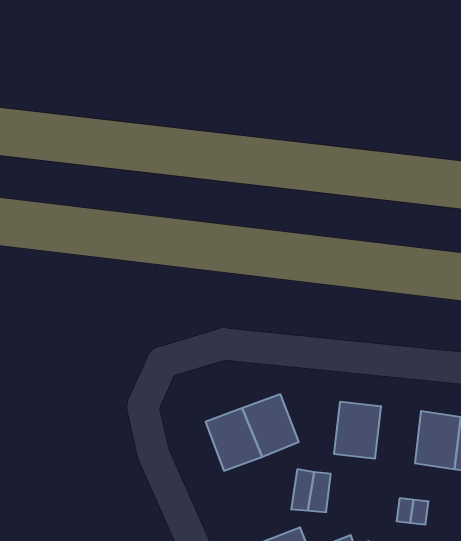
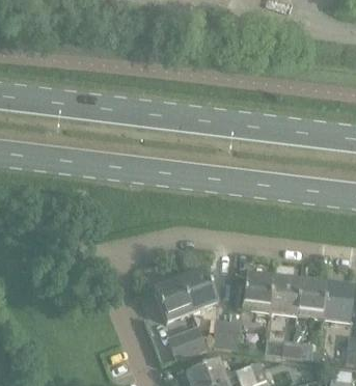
building: none -> [268,277,299,315]
building: none -> [170,327,204,358]

